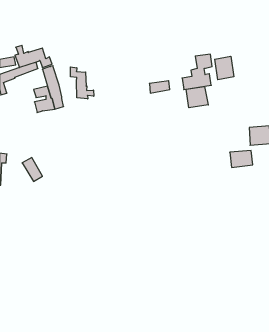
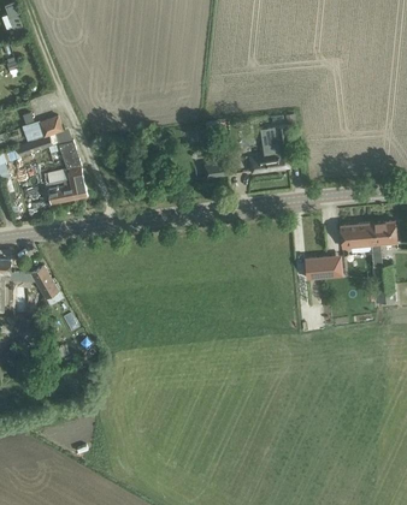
building: [215,56,234,80] -> none
building: [71,67,94,99] -> none
building: [186,87,208,108] -> none

